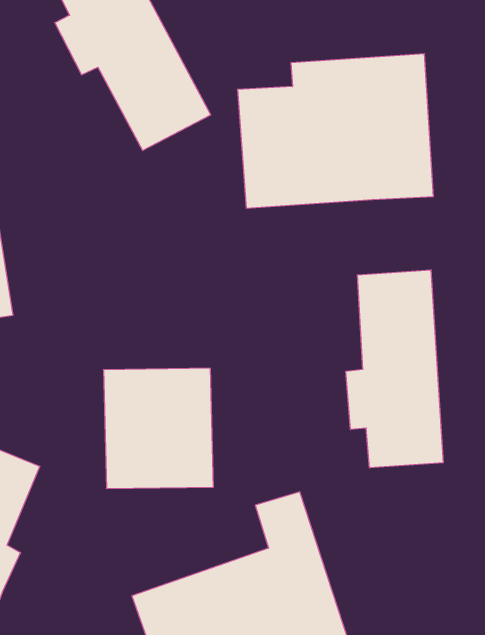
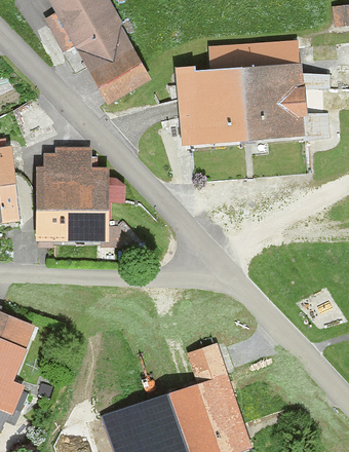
building: [346,270,443,468] -> none
building: [103,368,213,489] -> [36,164,112,248]

